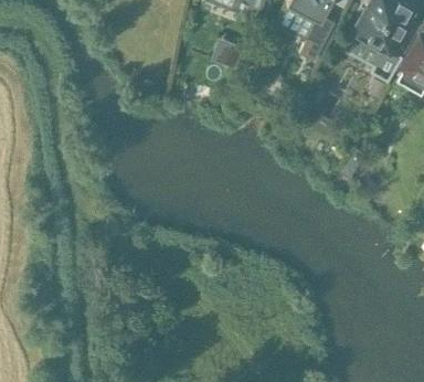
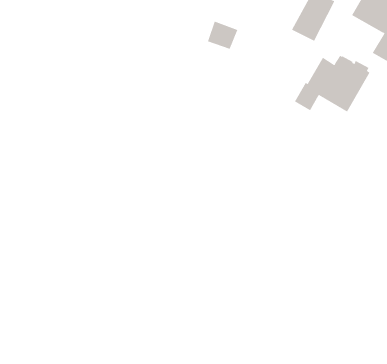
building: none -> [294,55,370,112]

